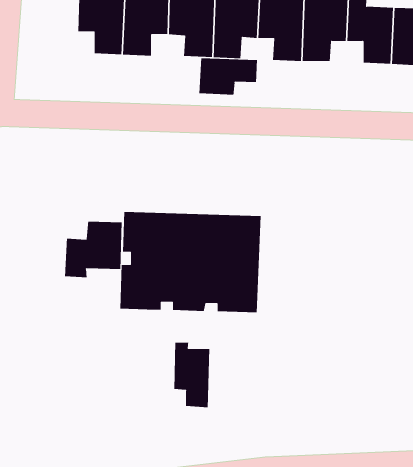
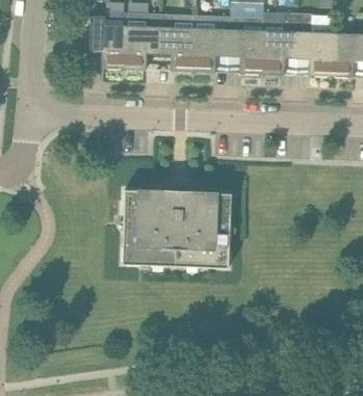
building: [199,57,257,95] -> none
building: [64,221,122,278] -> none
building: [174,342,210,408] -> none

